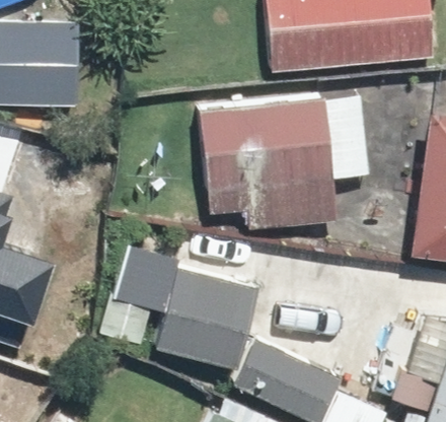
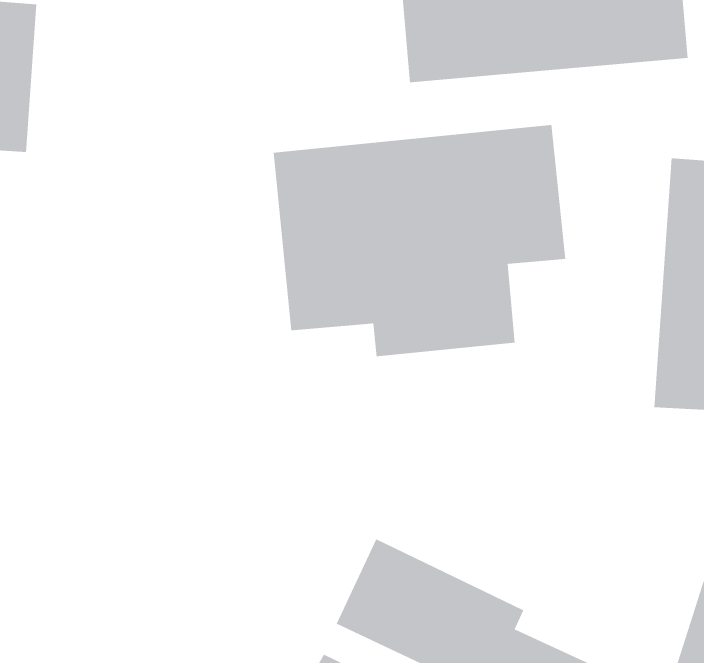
building: [97,249,259,372] -> none

